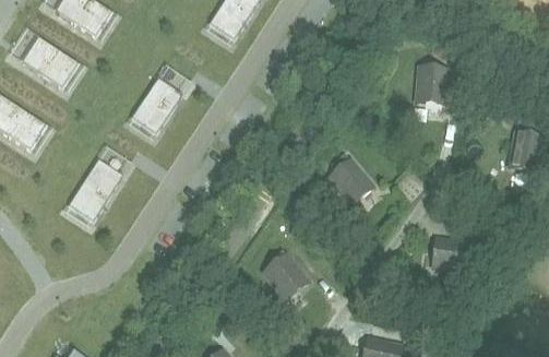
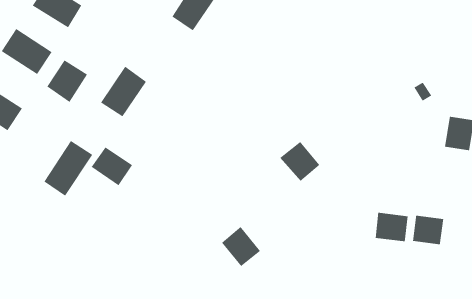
building: [415,67,446,103] -> none
building: none -> [47,59,88,103]
building: none -> [91,147,133,186]
building: none -> [412,215,444,245]

